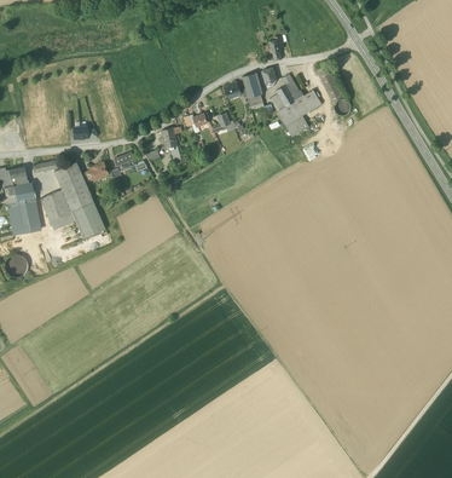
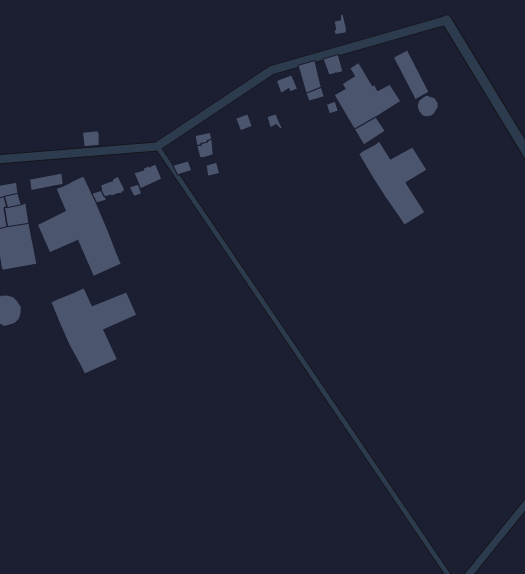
building: none -> [358,141,427,225]
building: none -> [51,288,137,374]

